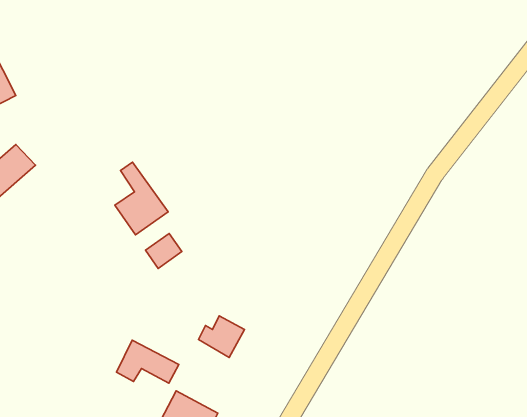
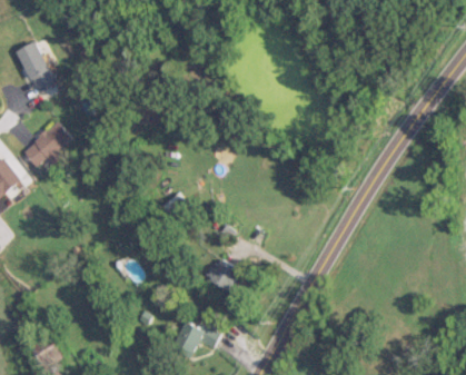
building: [115,162,168,235] -> none
building: [116,340,179,383] -> none

